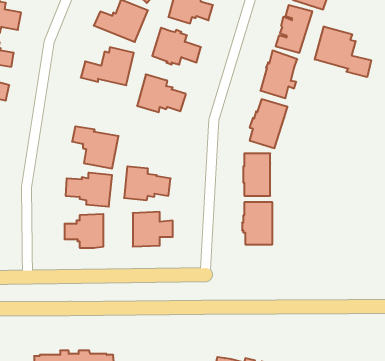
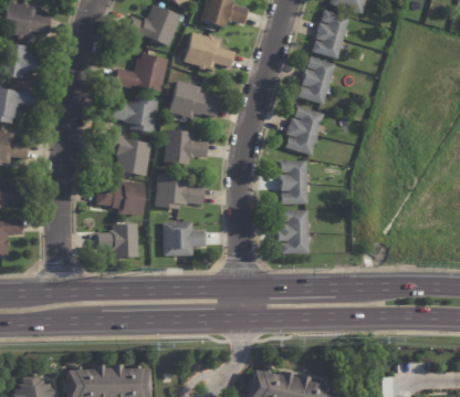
building: [315,26,371,77] -> none
building: none -> [108,98,158,134]
building: none -> [165,129,209,165]

